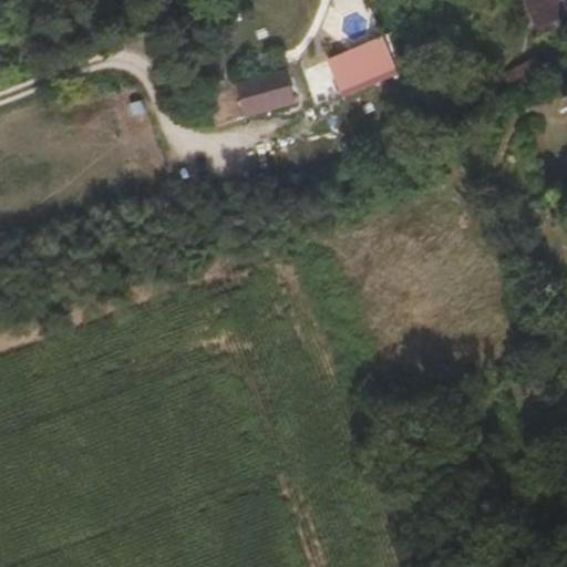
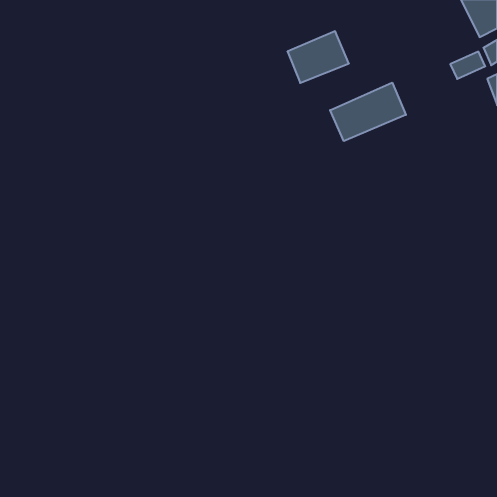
building: [236,70,293,116] -> none
building: none -> [330,83,406,141]

